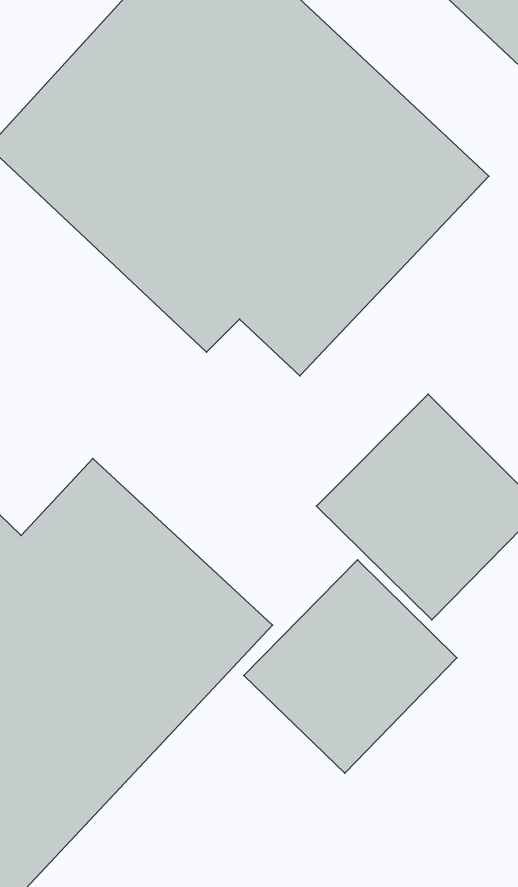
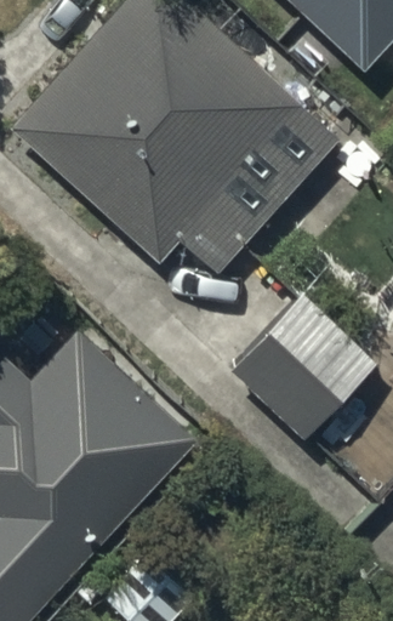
building: [244,560,457,773] -> none

